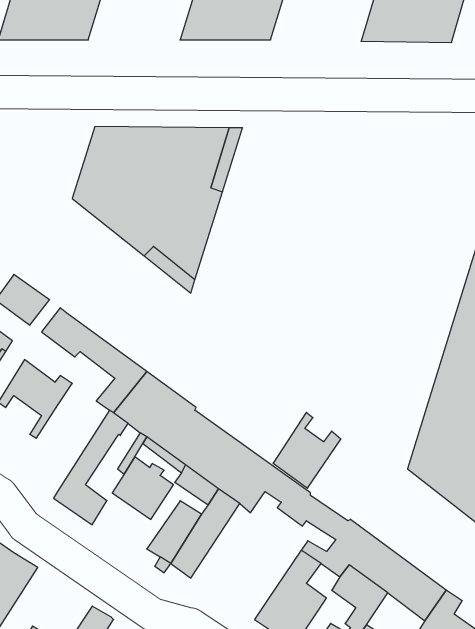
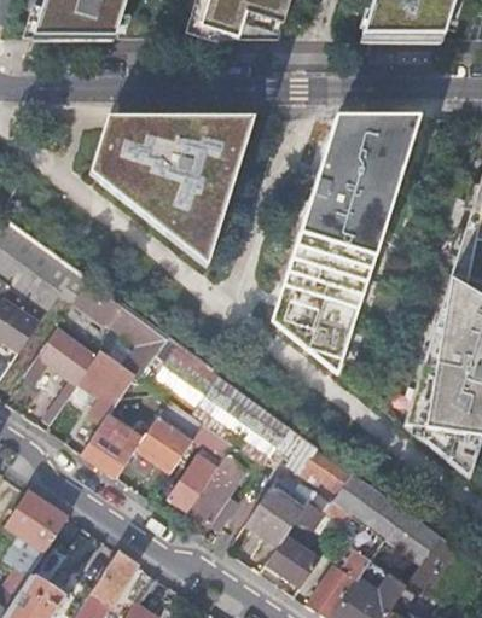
building: none -> [272,118,419,374]
building: none -> [79,350,133,448]
building: [273,412,341,488] -> [245,477,307,546]

